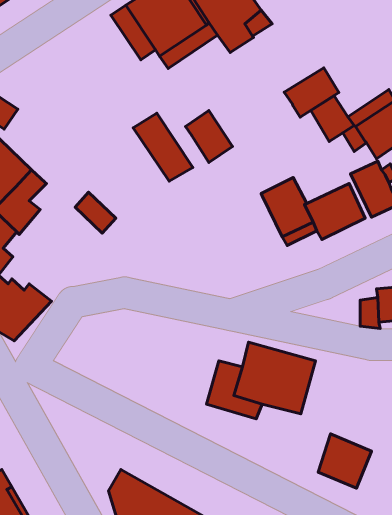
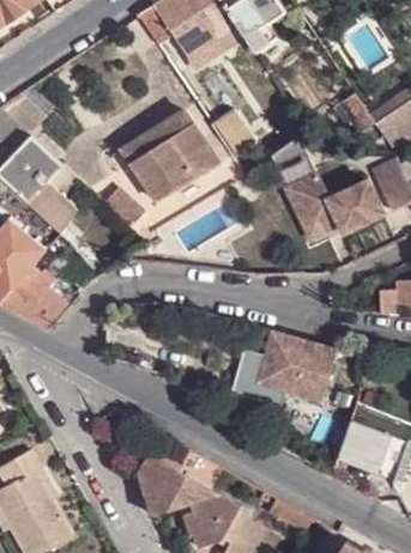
building: [284,68,339,117] -> none
building: none -> [120,124,194,201]

